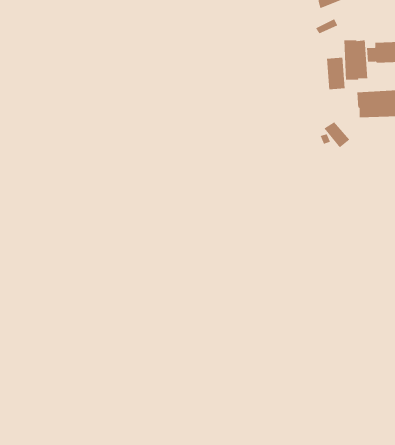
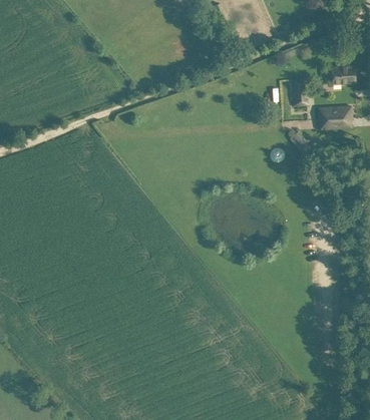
building: [344,39,368,81] -> none

